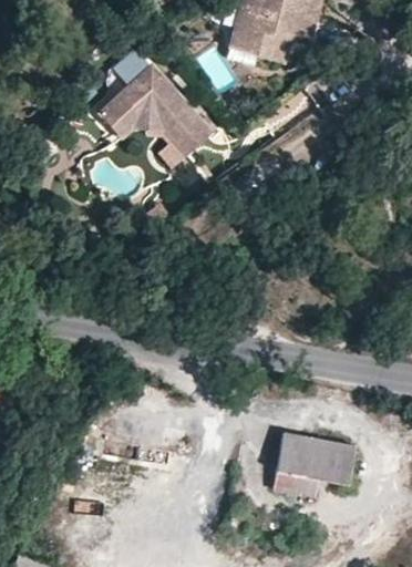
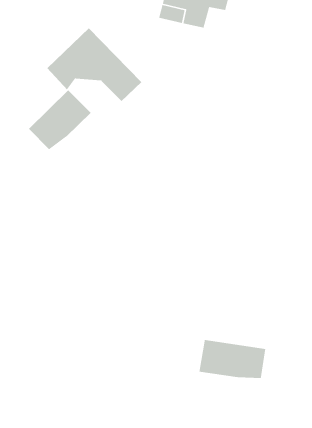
building: none -> [28,90,92,150]
building: [270,470,320,505] -> none

